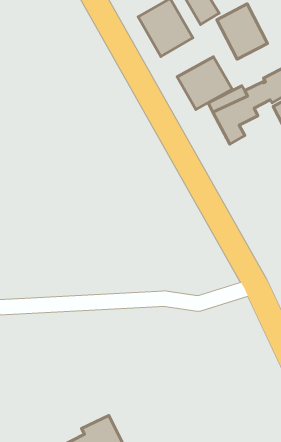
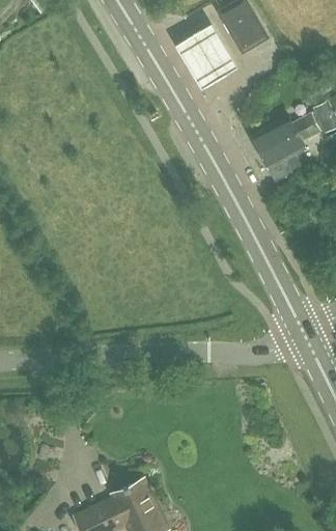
building: [217,4,268,59] -> none
building: [177,57,232,110] -> none

